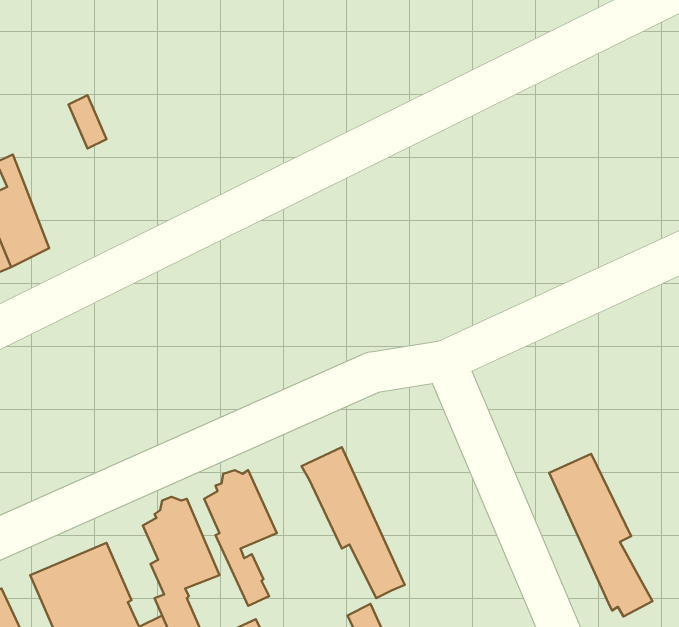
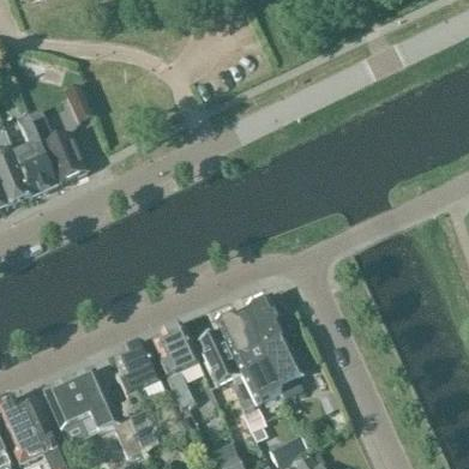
building: none -> [34,120,88,182]
building: [549,454,652,616] -> [240,296,305,398]
building: none -> [196,329,255,408]

